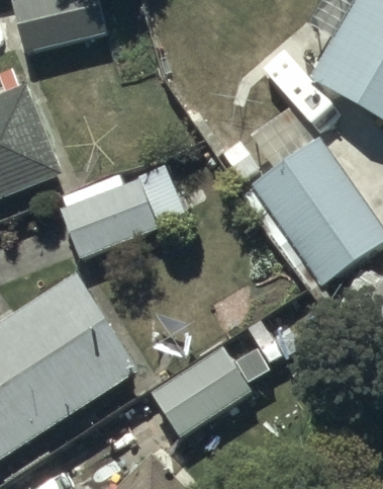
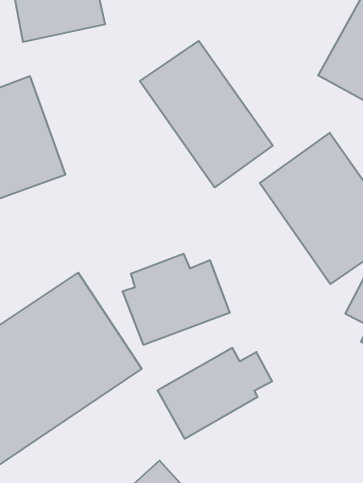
building: none -> [140,41,273,187]
building: [55,171,159,259] -> [122,254,230,345]

